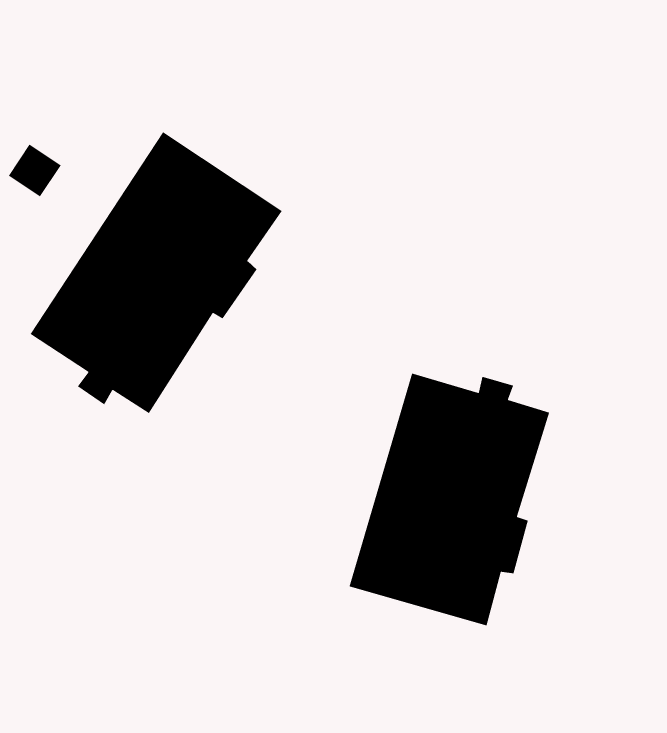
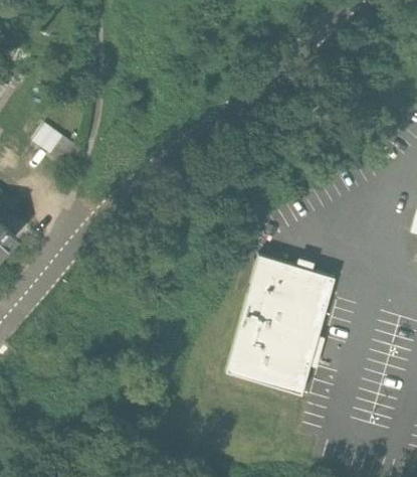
building: [29,131,283,414] -> none

